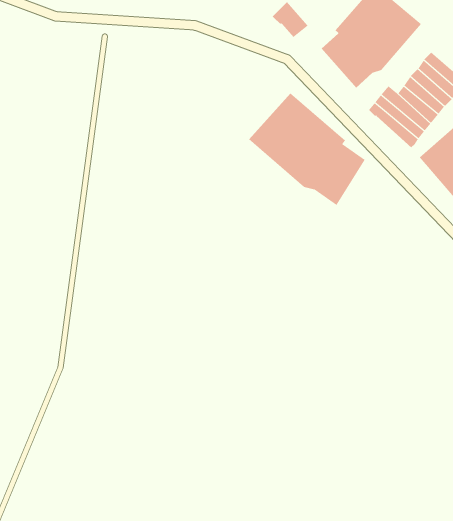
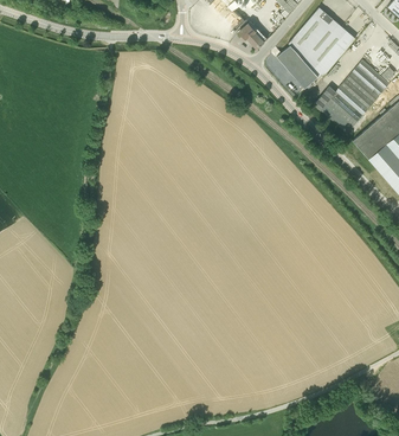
building: [248,92,365,206] -> none

